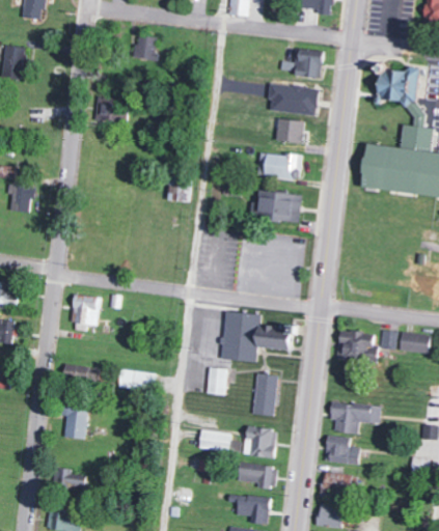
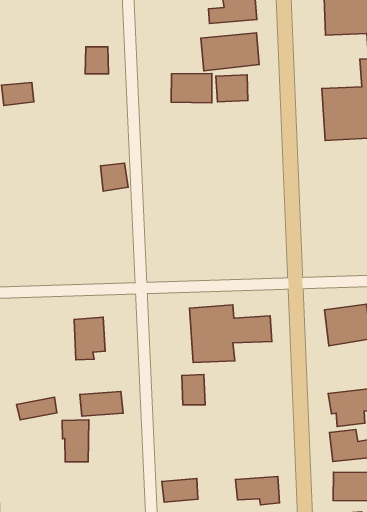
building: [133,34,156,60] -> [85,47,108,74]
building: [264,151,302,181] -> [171,74,212,103]
building: [258,190,302,223] -> none
building: [71,295,100,331] -> [74,317,105,360]
building: [251,373,277,416] -> none
building: [63,400,89,439] -> [62,420,89,462]
building: [244,426,276,457] -> none
building: [199,430,230,450] -> [162,478,198,502]

